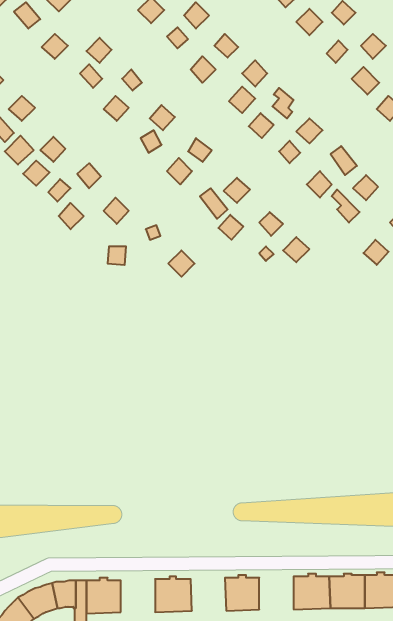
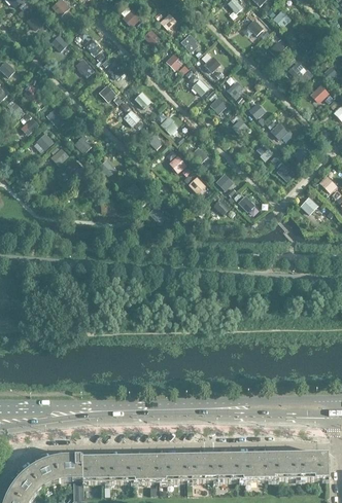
building: none -> [163,455,191,482]
building: none -> [216,455,243,481]
building: none -> [108,456,135,483]

